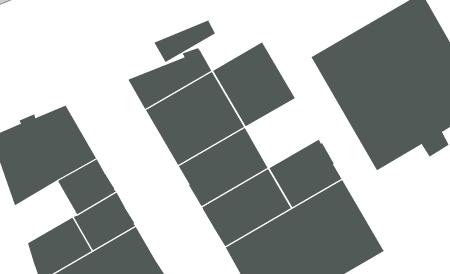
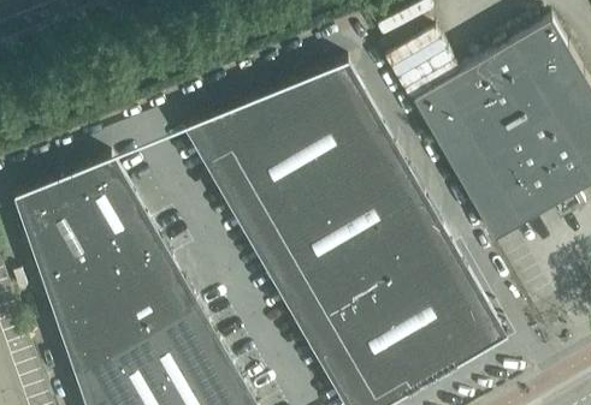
building: [154,19,216,63] -> [277,62,354,117]
building: none -> [332,150,424,237]
building: none -> [47,252,124,329]

